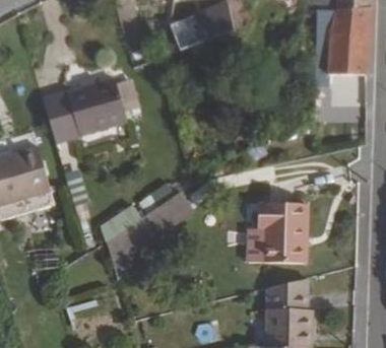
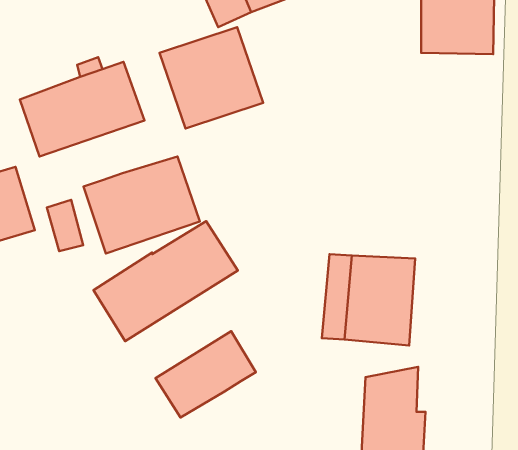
building: none -> [160,27,263,129]
building: none -> [84,157,200,254]
building: none -> [156,331,256,418]

